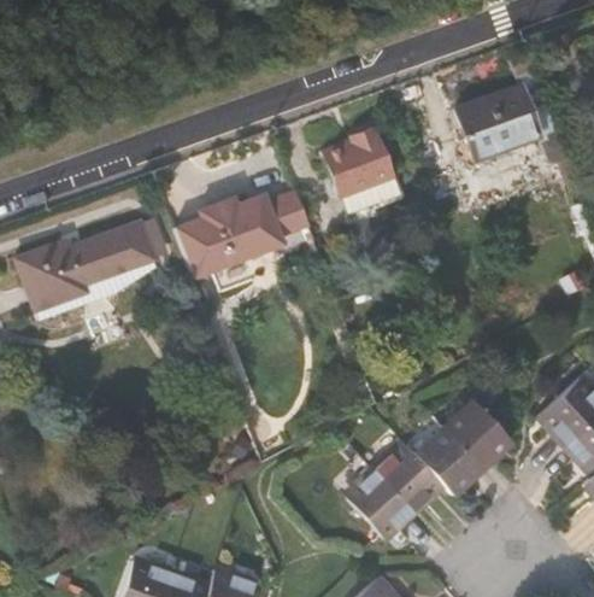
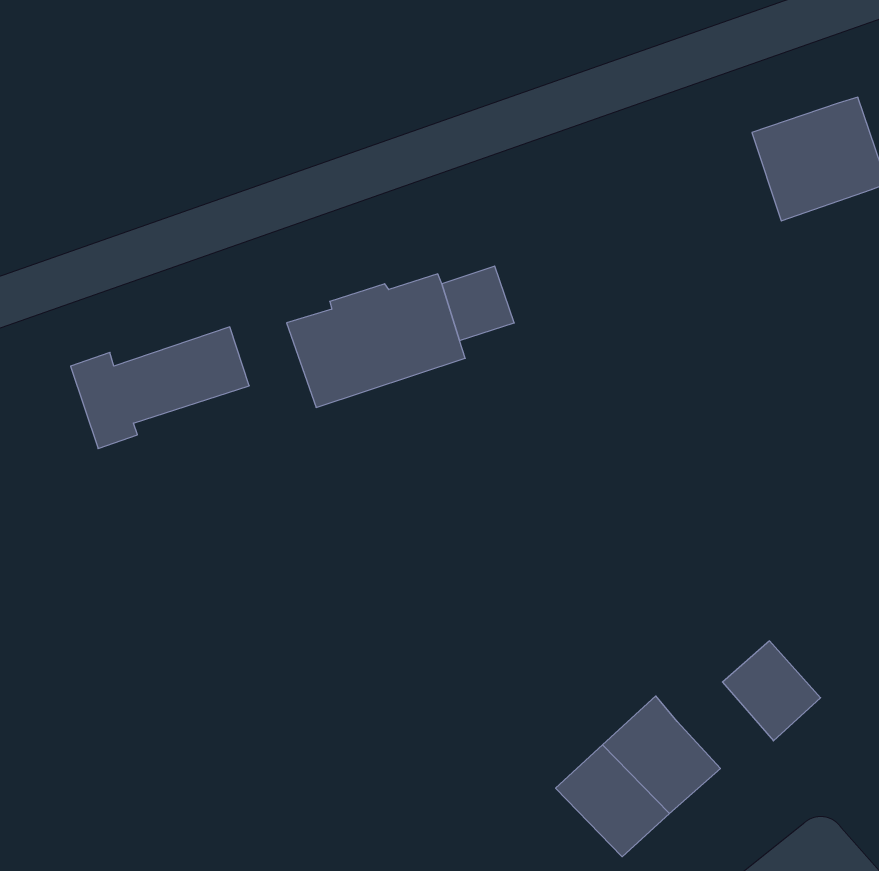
building: [330,118,410,211] -> none
building: [20,246,61,305] -> none
building: [417,440,476,501] -> none

